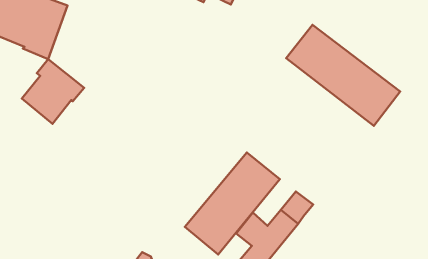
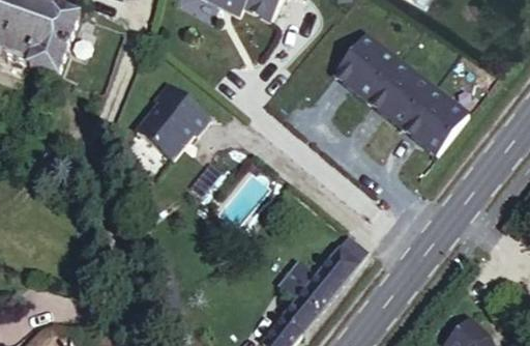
building: [22,59,84,124] -> [134,84,207,161]
building: [185,153,280,254] -> none

